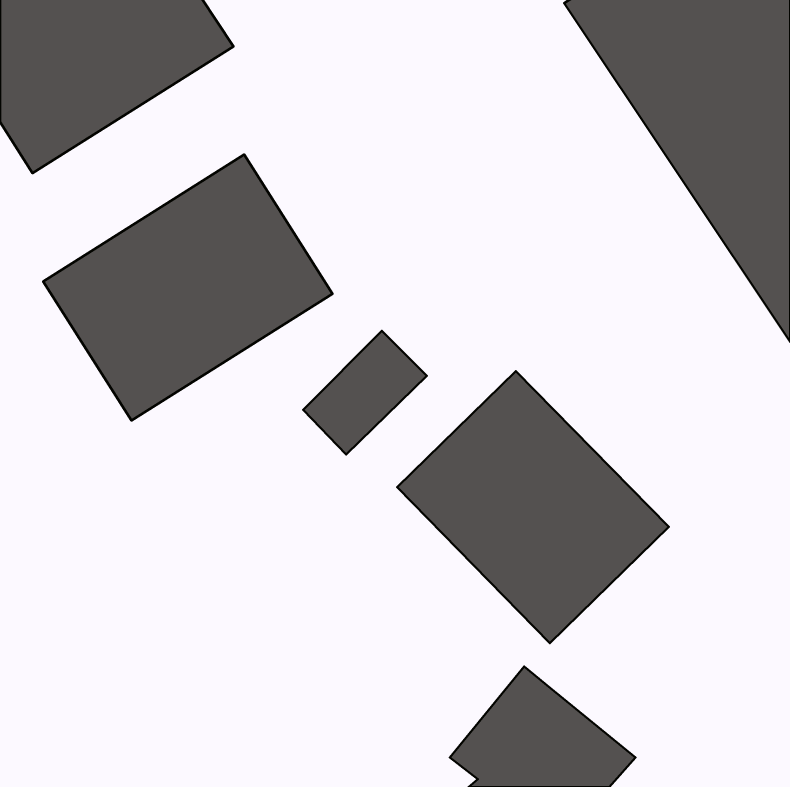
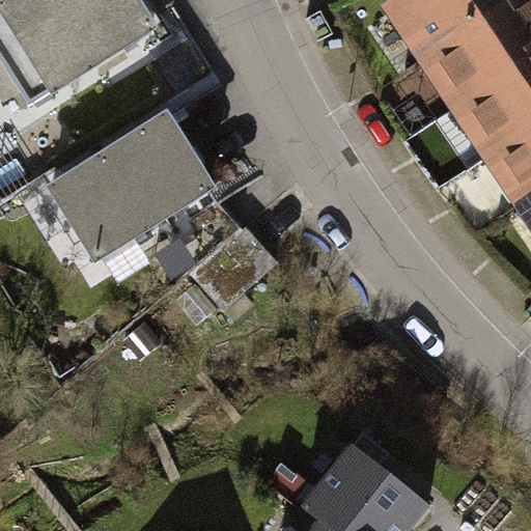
building: [397,371,669,643] -> none

